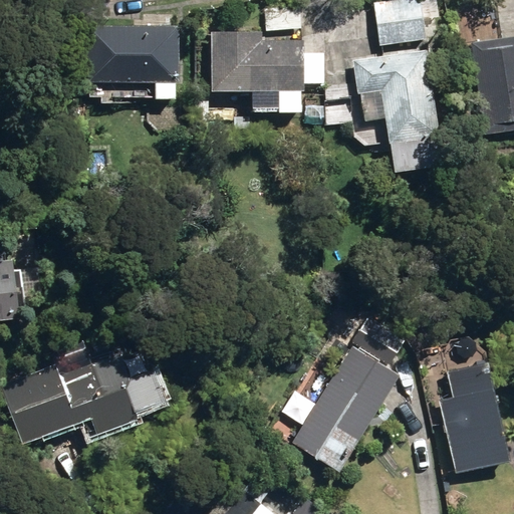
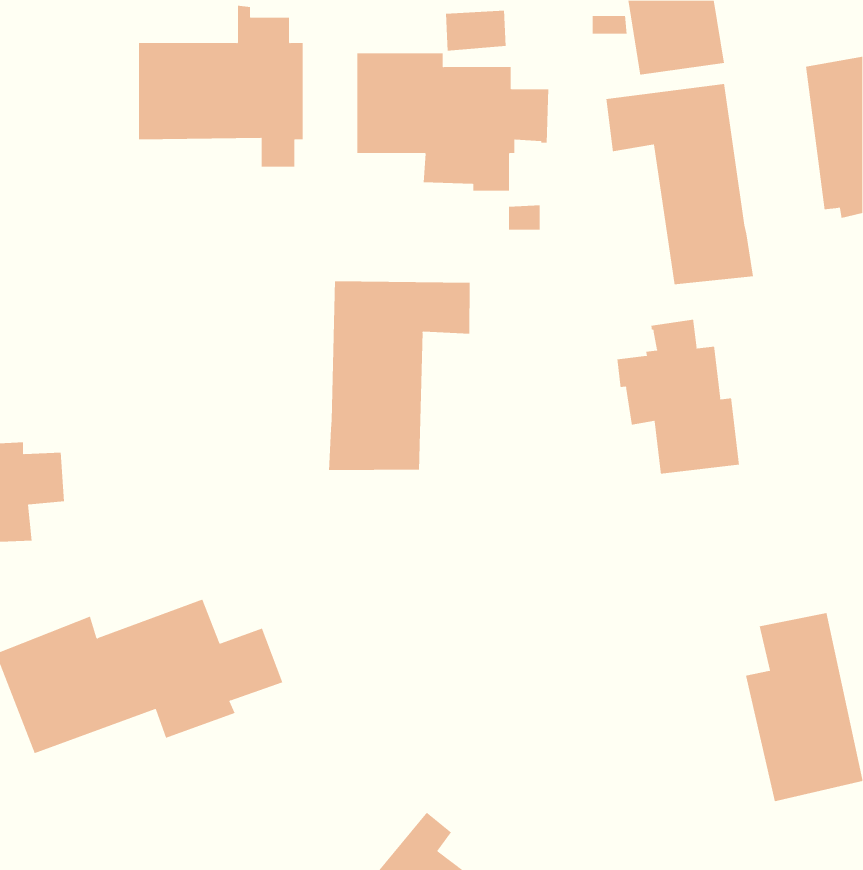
building: none -> [329,281,470,471]
building: none -> [617,319,739,475]
building: [289,345,400,474] -> none

